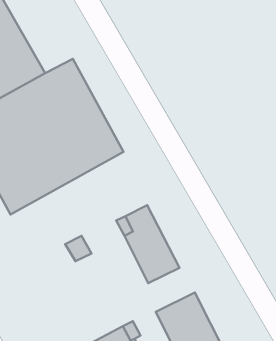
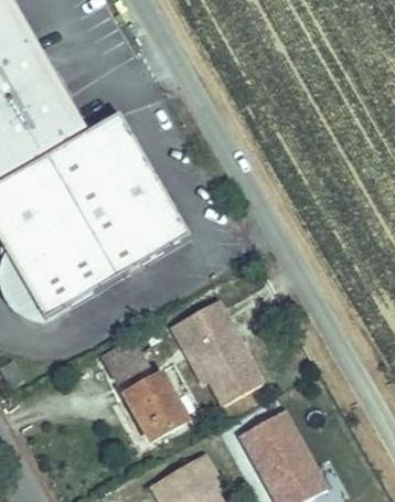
building: none -> [131,374,192,441]

